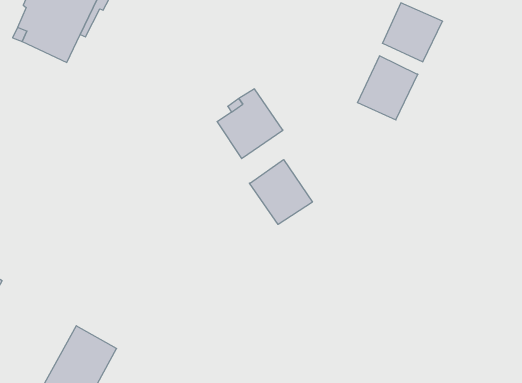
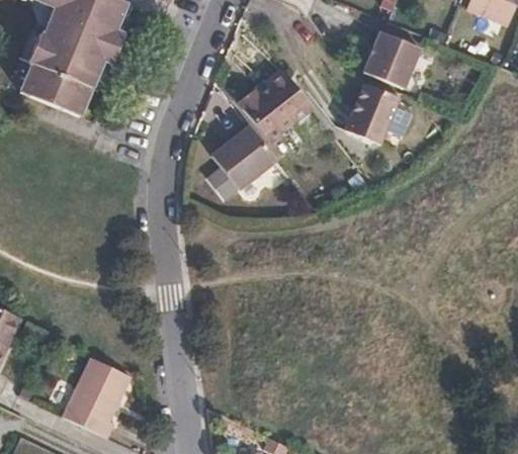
building: none -> [239,73,314,141]
building: [249,160,312,224] -> none

